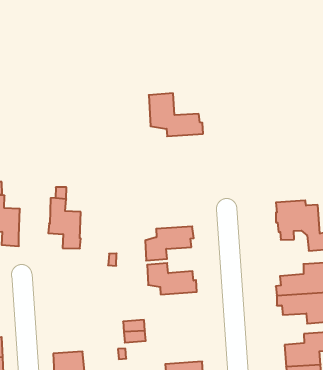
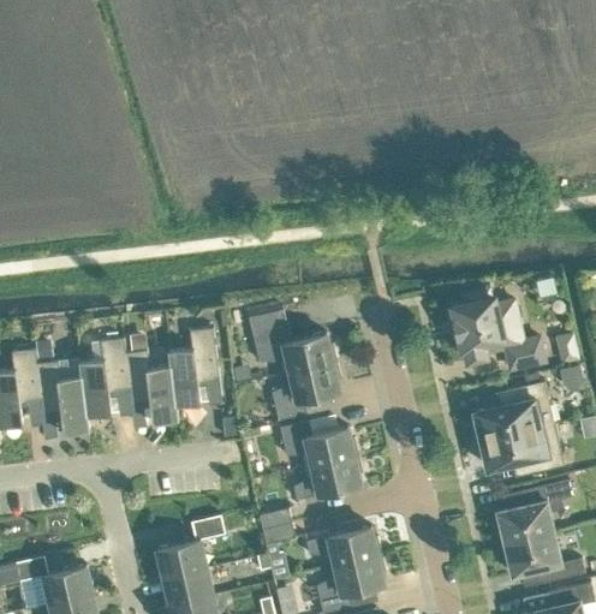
building: [149,93,203,136] -> [248,309,335,372]
building: none -> [78,338,129,415]
building: none -> [167,327,219,404]
building: none -> [292,454,362,500]
building: none -> [156,514,224,577]
building: none -> [305,525,381,566]

